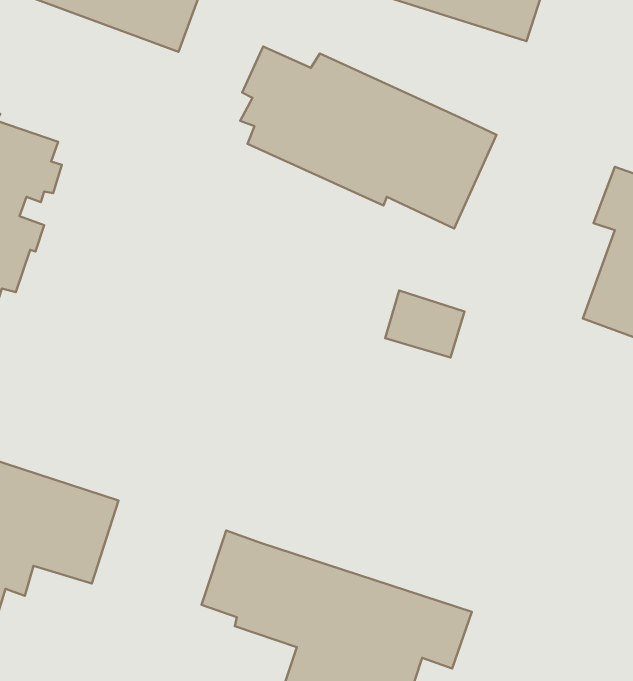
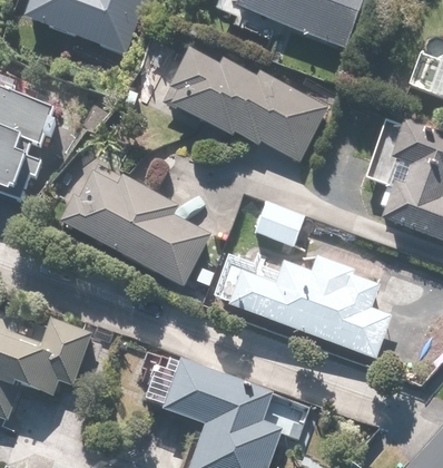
building: none -> [59,165,209,290]
building: none -> [228,254,390,357]

